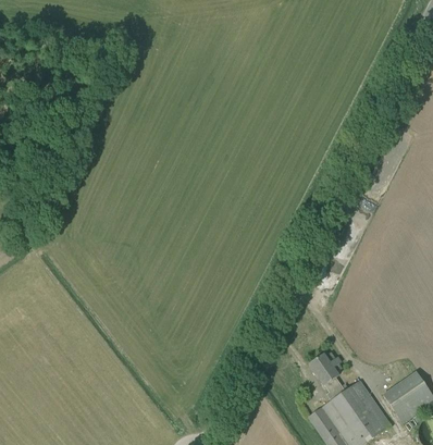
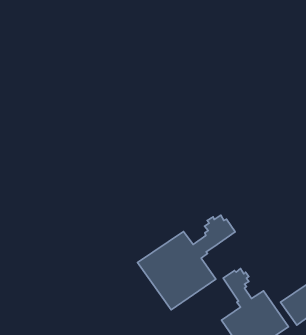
building: none -> [138,215,235,310]

